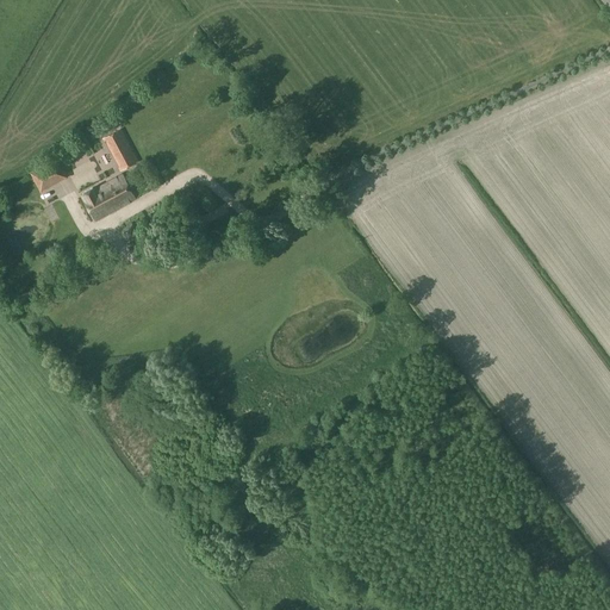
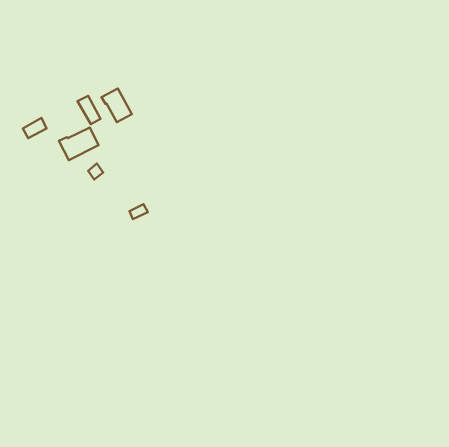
building: none -> [101,88,132,122]

